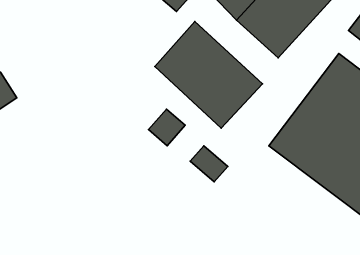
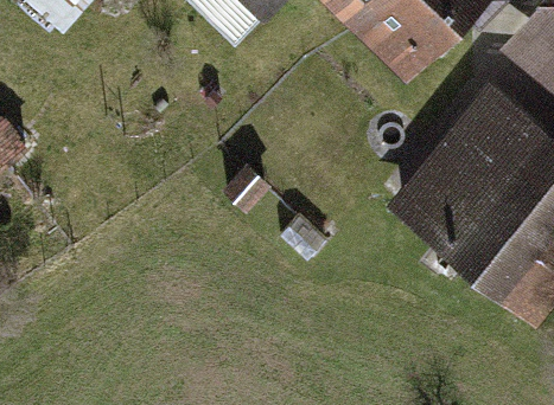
building: [155,22,263,128] -> none

